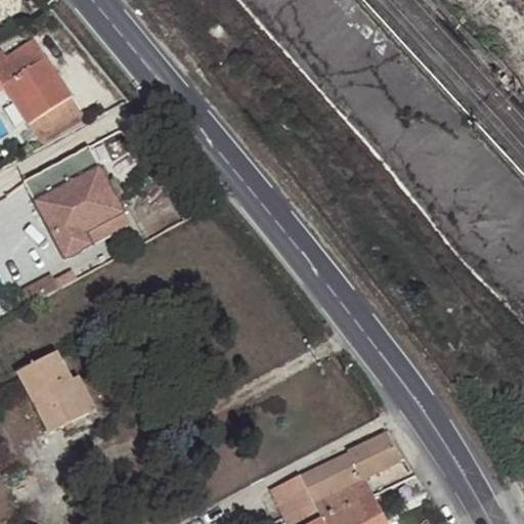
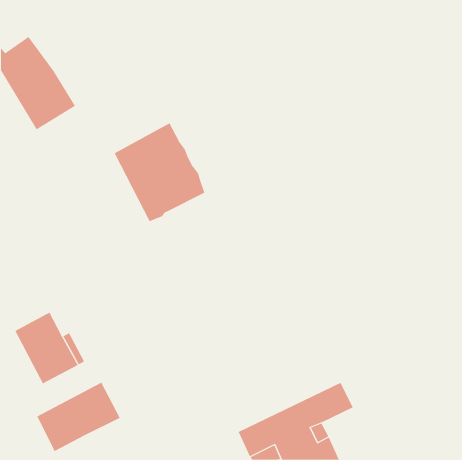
building: [25,146,128,259] -> [114,122,205,222]
building: none -> [36,382,120,452]

